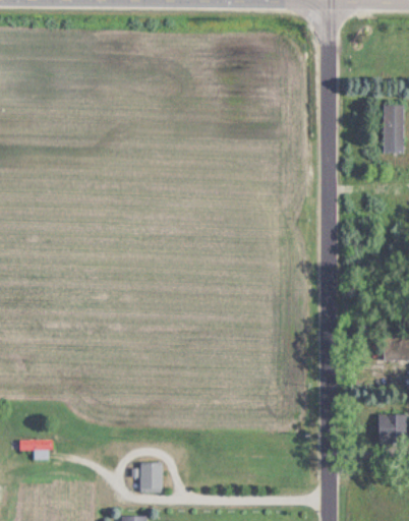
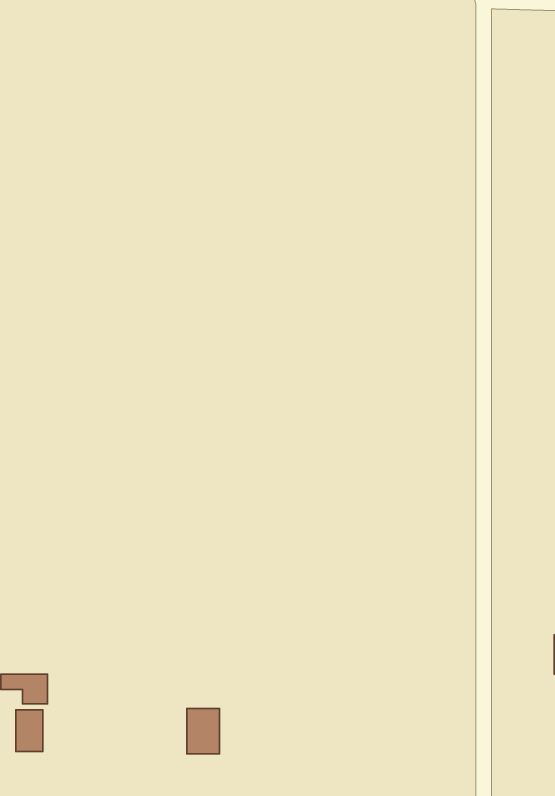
building: none -> [16,710,43,751]

